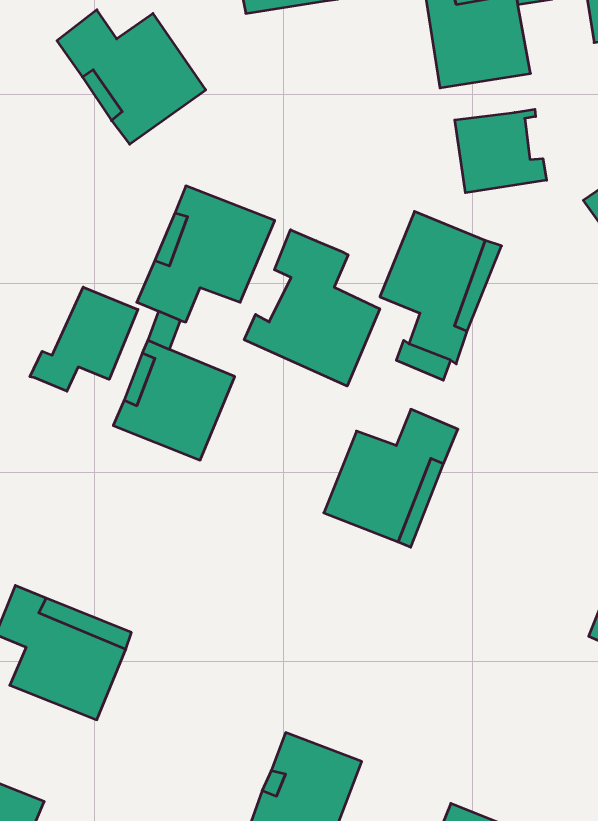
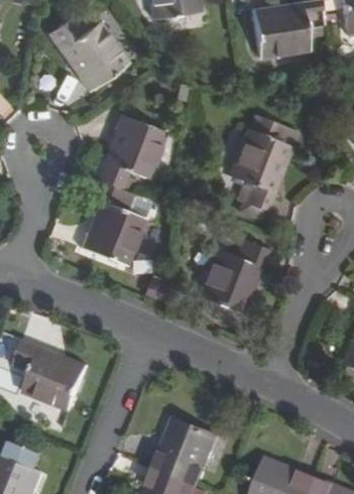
building: [455,109,547,193] -> none
building: [244,230,380,386] -> none
building: [30,287,138,391] -> none

